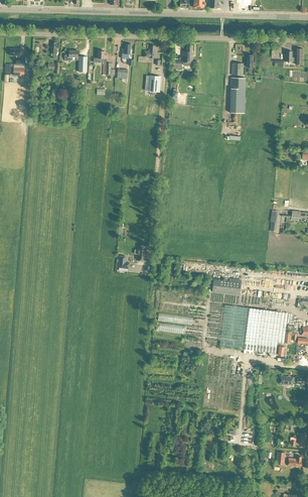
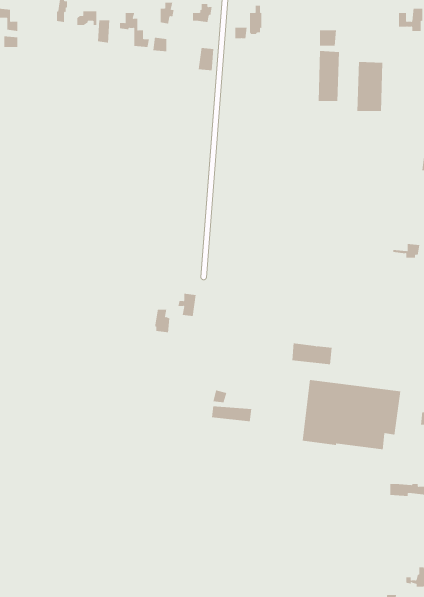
building: none -> [357,61,383,112]

